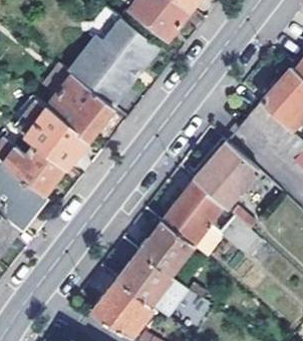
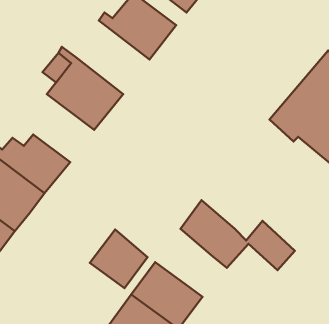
building: [70,42,136,106] -> none
building: [26,106,88,165] -> none
building: [204,141,260,200] -> none
building: [182,182,224,224] -> none
building: [141,224,192,275] -> [90,229,147,288]

